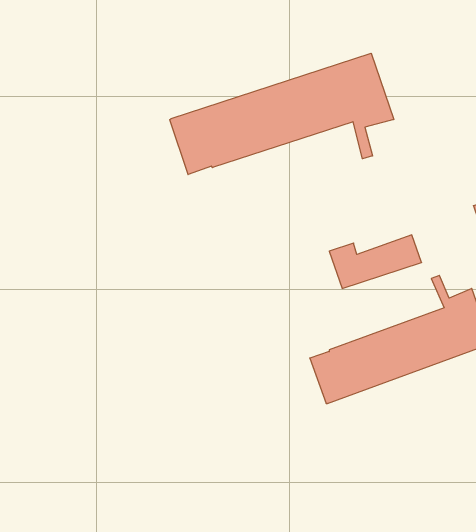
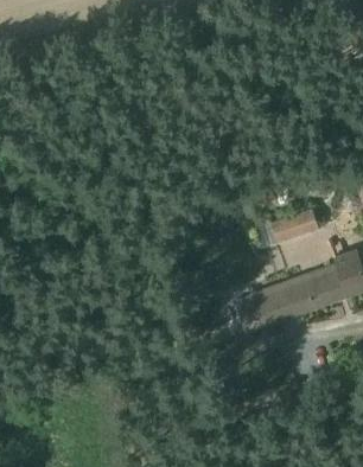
building: [170,53,394,175] -> none

